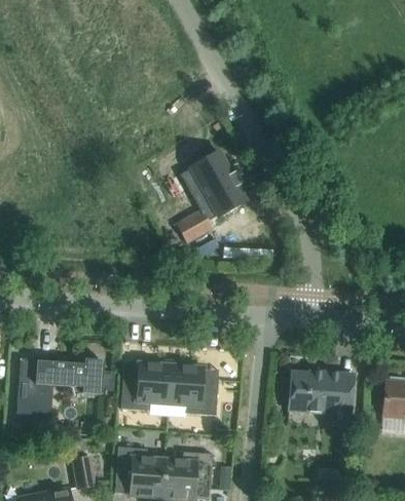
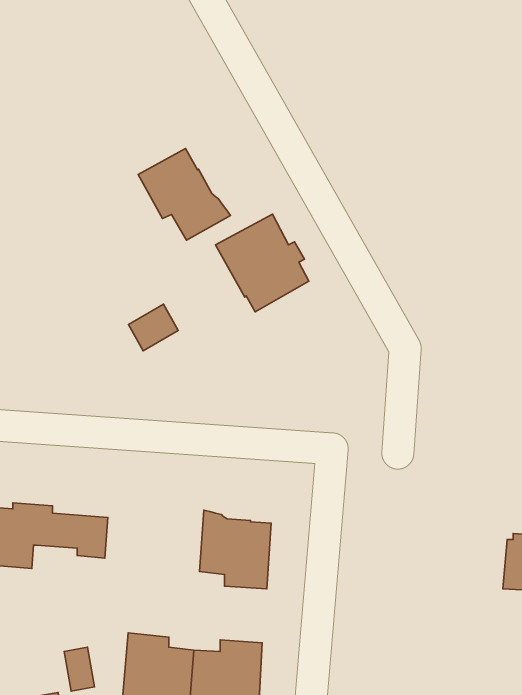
building: none -> [138,148,231,240]
building: [177,209,212,242] -> [128,304,178,351]
building: [120,360,172,411] -> none
building: [288,371,353,425] -> none

